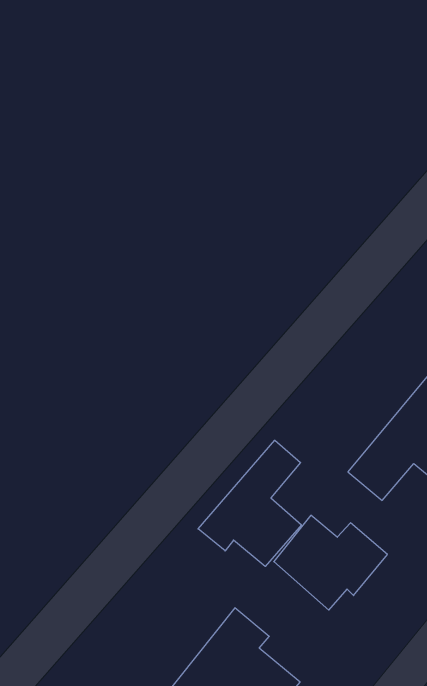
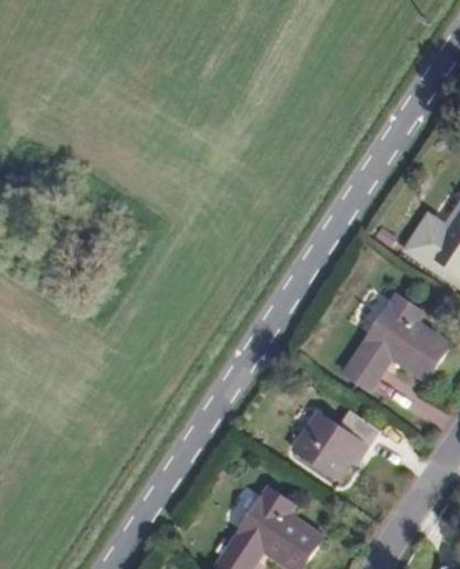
building: [198,440,301,566] -> none

